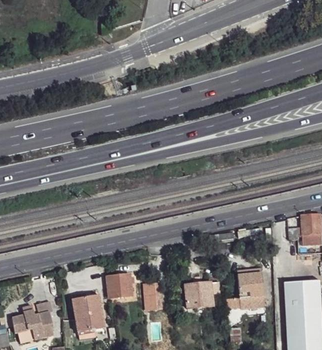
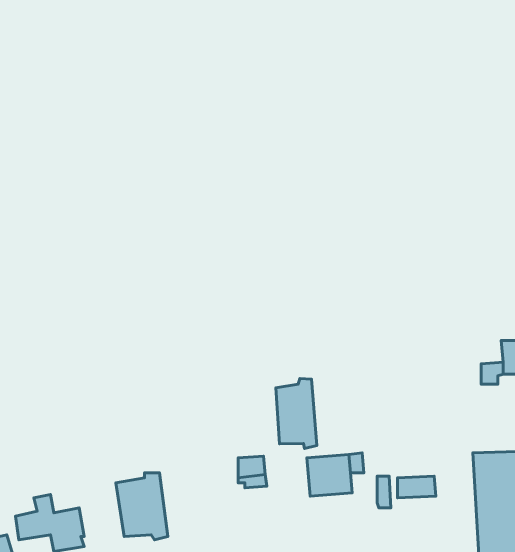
building: none -> [276,378,317,448]
building: [238,273,262,296] -> none
building: [106,274,131,298] -> none

